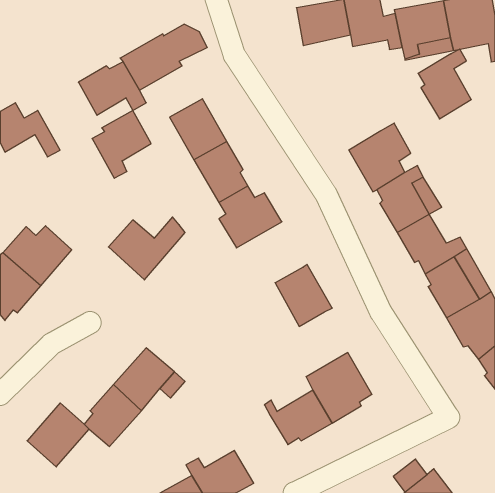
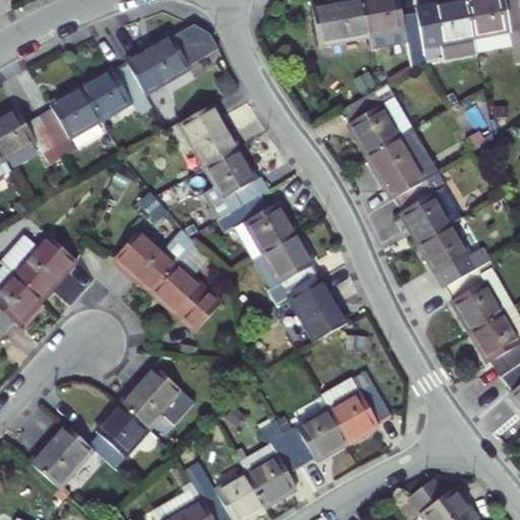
building: [418,49,471,119] -> [343,84,399,157]
building: [92,110,151,178] -> [40,86,102,157]
building: none -> [262,233,318,306]
building: none -> [151,244,219,330]
building: none -> [246,420,302,507]

